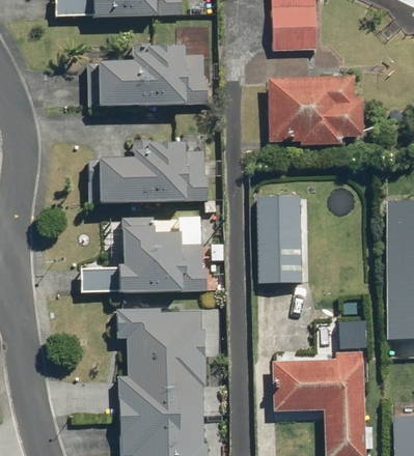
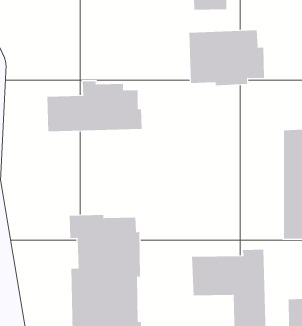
building: [87,42,209,107] -> none
building: [256,195,303,283] -> none
building: [80,216,209,292] -> none

